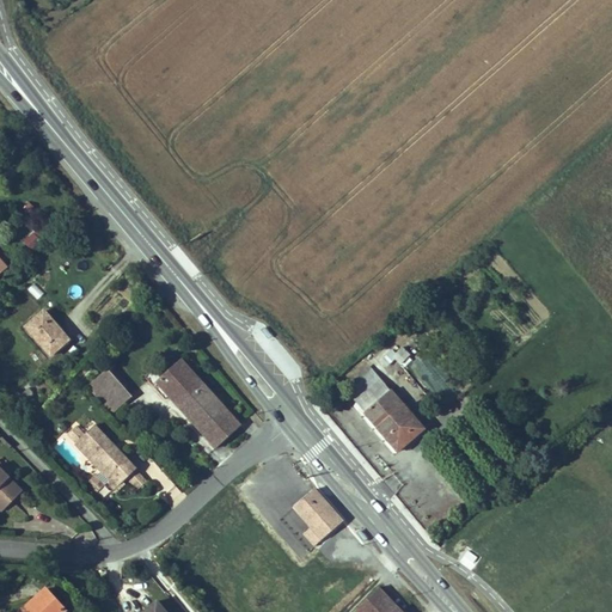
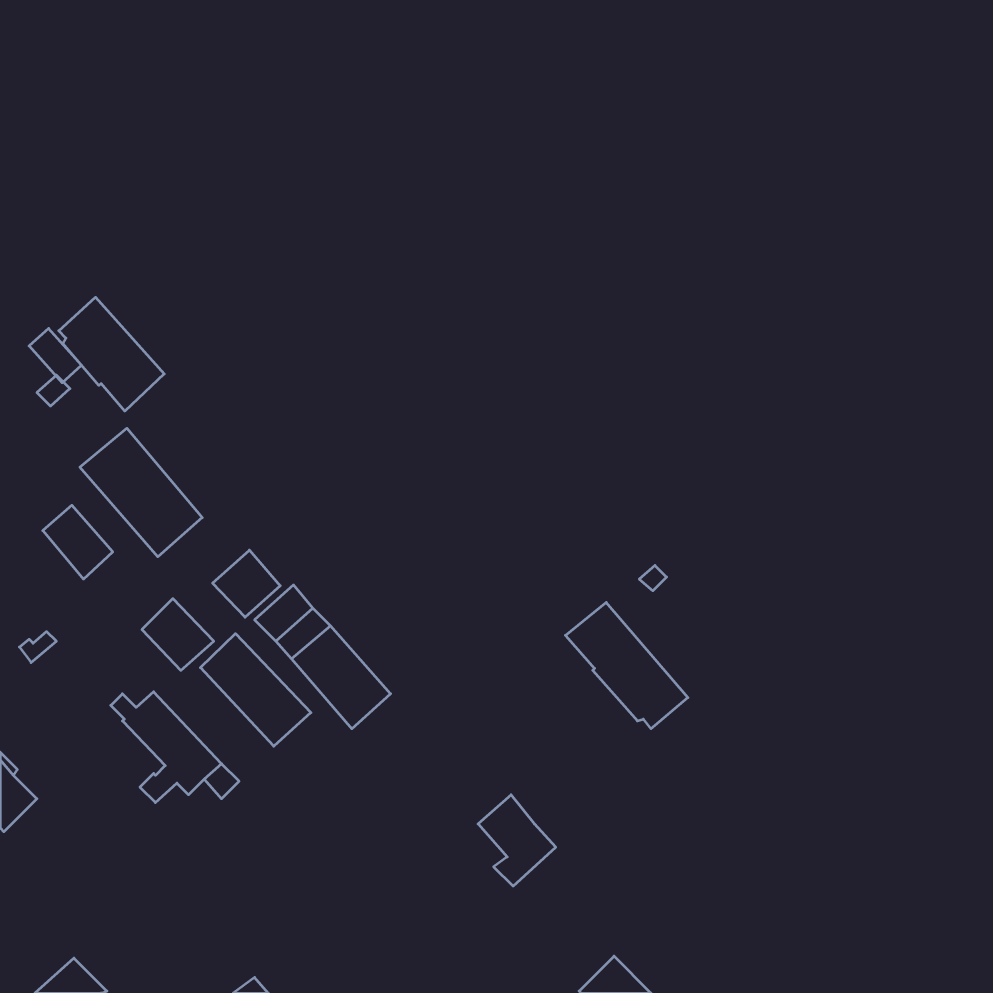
building: none -> [59,297,164,411]
building: none -> [80,428,202,557]
building: none -> [213,550,280,617]
building: none -> [200,634,311,746]

